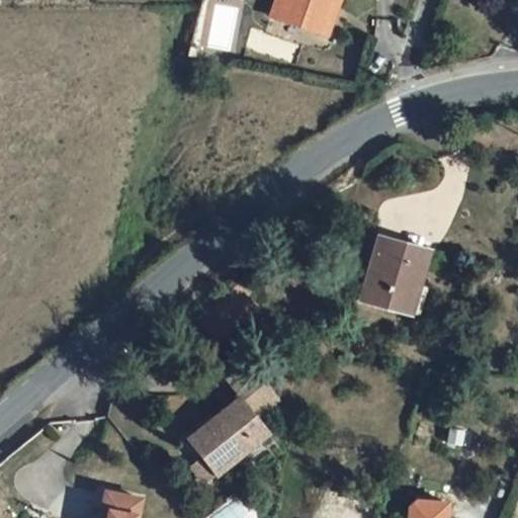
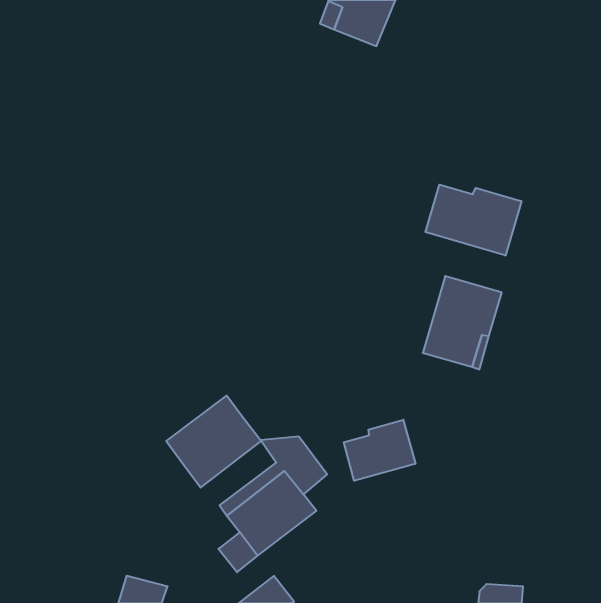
building: none -> [425,185,521,256]
building: none -> [166,396,261,488]
building: none -> [344,420,415,481]

